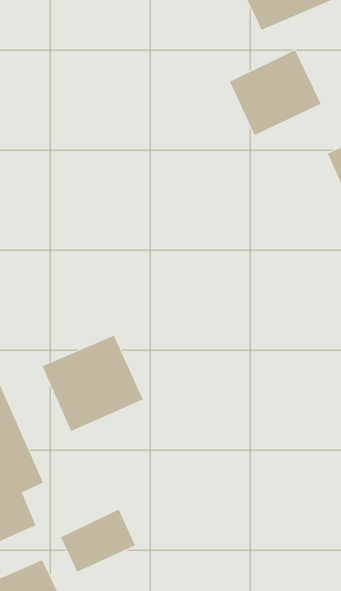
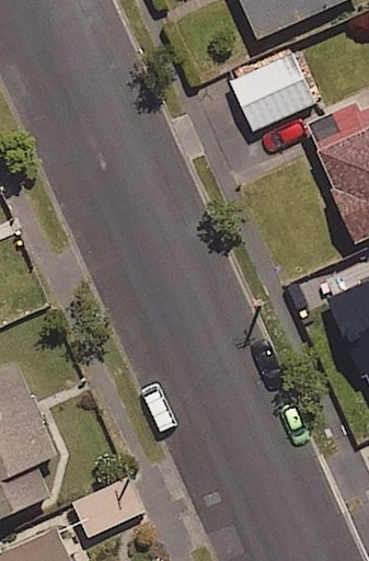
building: [42,335,144,432] -> none

